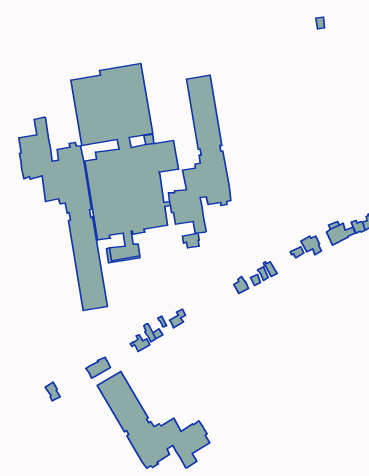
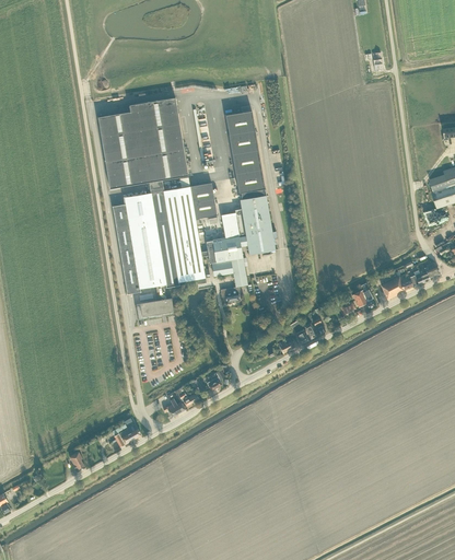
building: [19,117,107,311] -> none
building: [97,371,210,468] -> none

